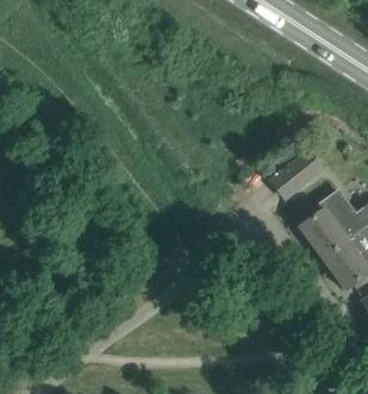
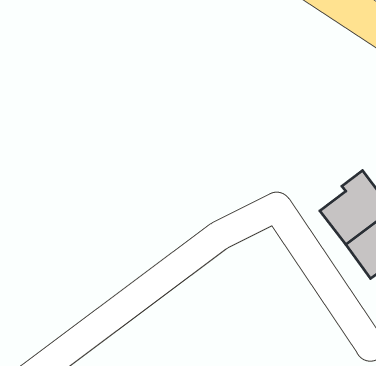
building: [270,150,323,199] -> none

